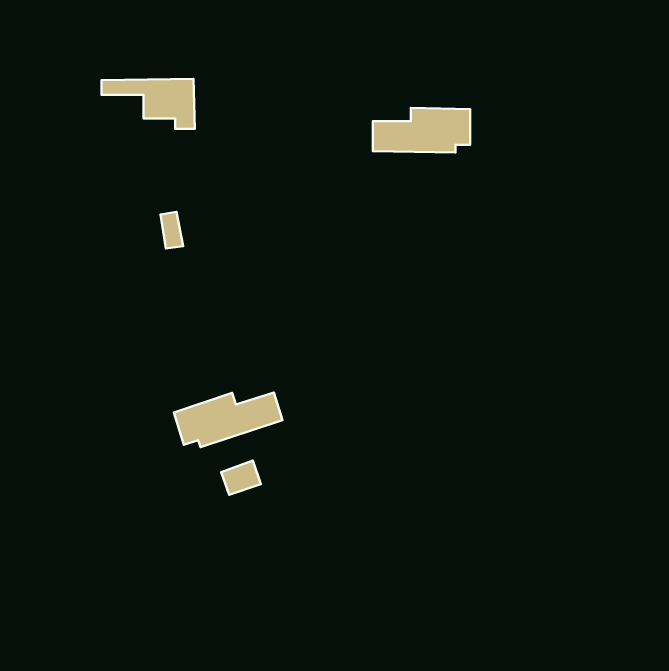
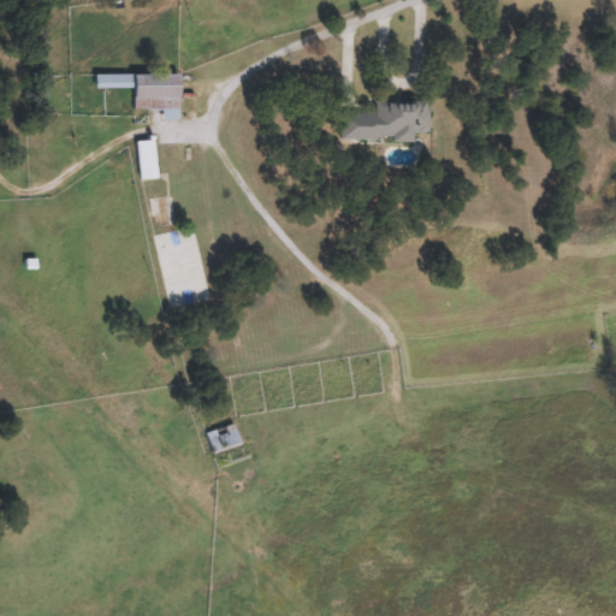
building: none -> [138,138,156,178]
building: [174,393,282,447] -> none

